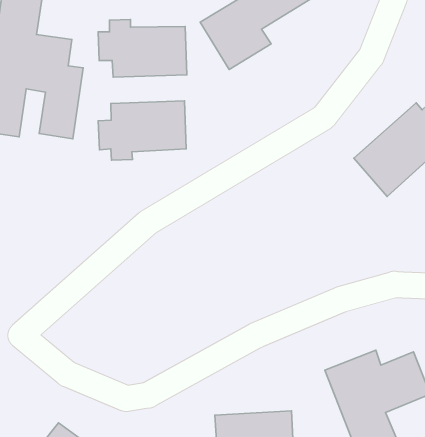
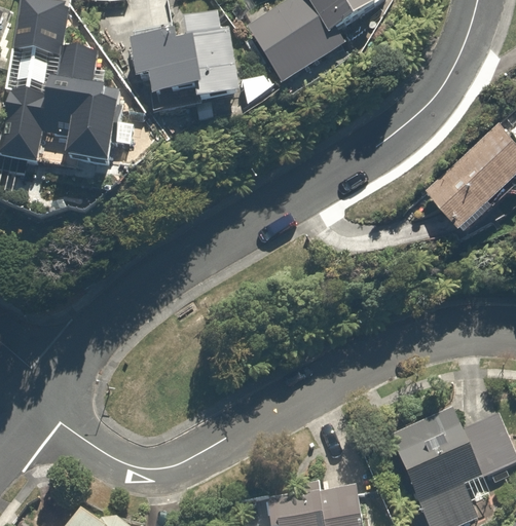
building: [98,101,186,160] -> none

